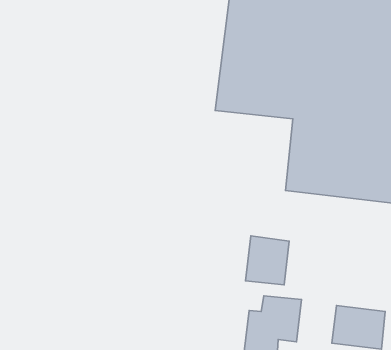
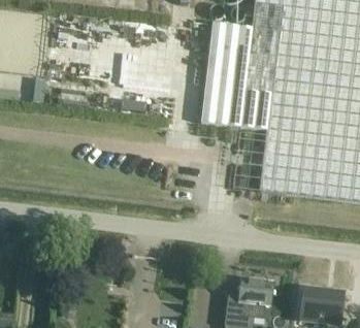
building: [246,236,289,285] -> none

